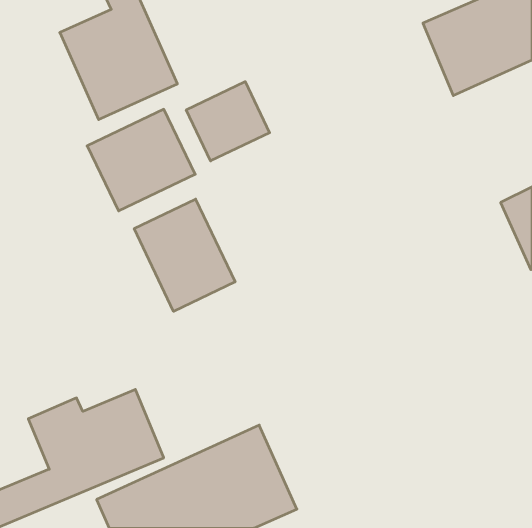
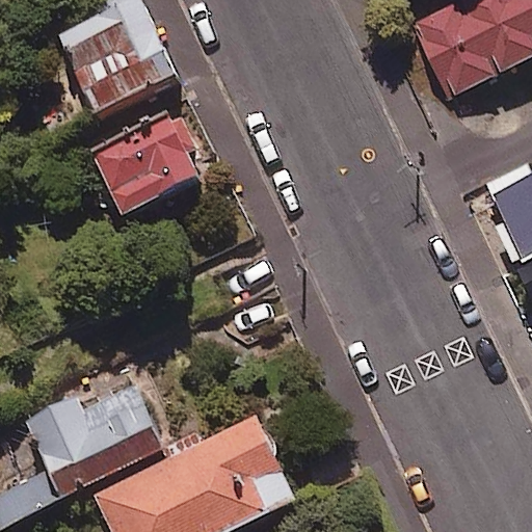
building: [186,82,270,161] -> none
building: [134,199,235,311] -> none

